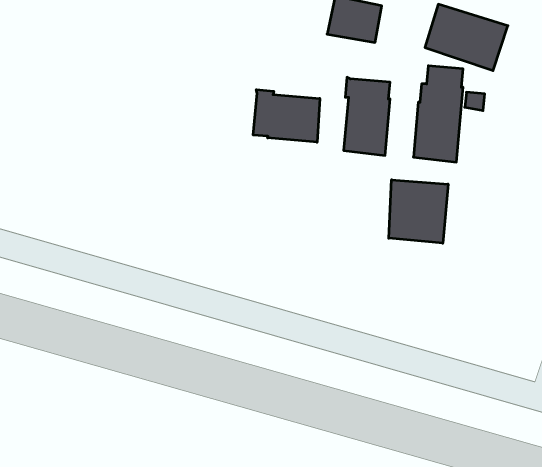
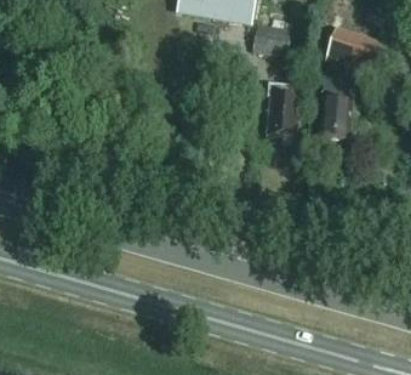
building: [253,90,320,142] -> none
building: [389,180,448,243] -> none

